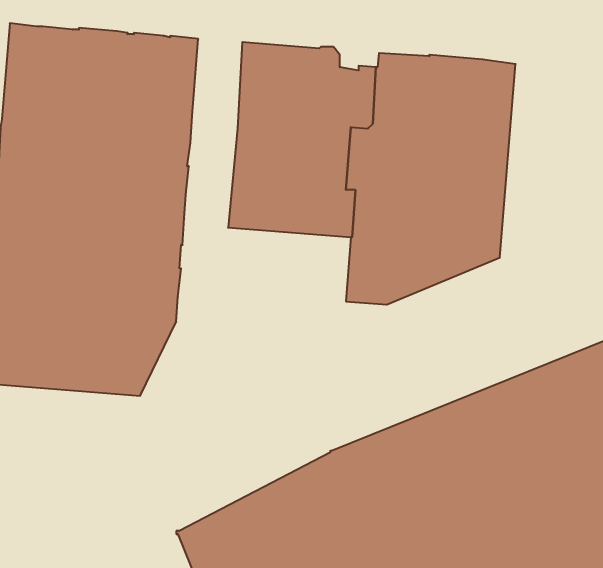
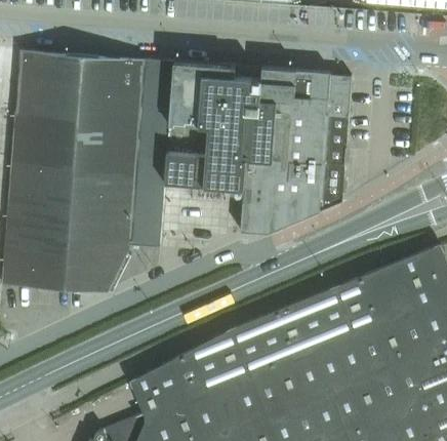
building: none -> [129,61,172,247]

